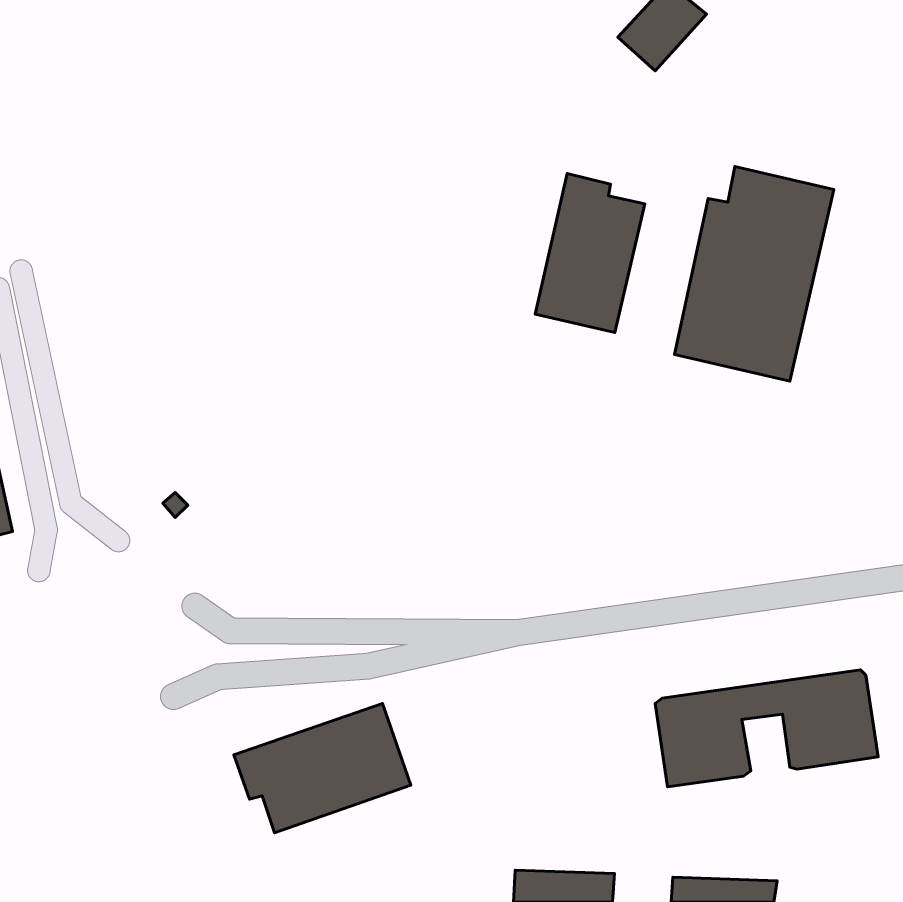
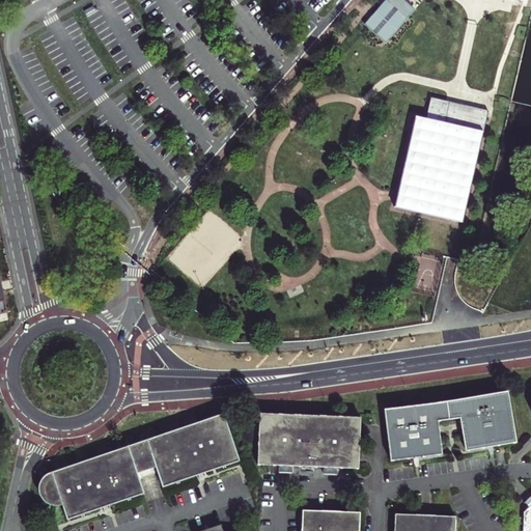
building: [535,174,645,332] -> none
building: none -> [257,412,361,468]
building: none -> [38,442,146,520]

